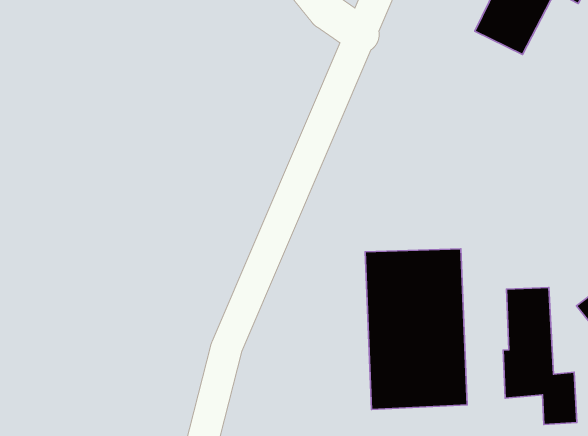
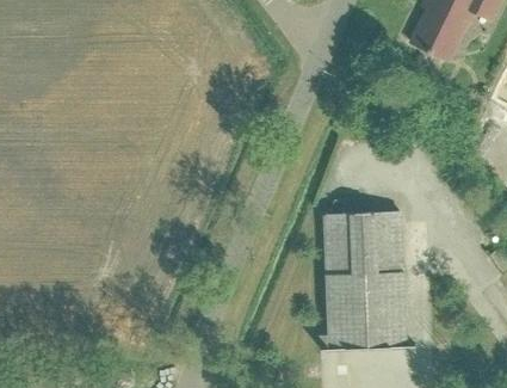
building: [503,288,577,424] -> none

